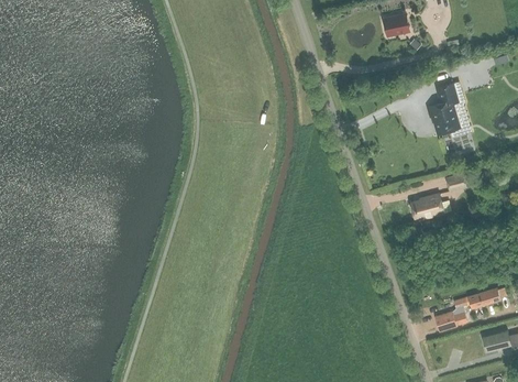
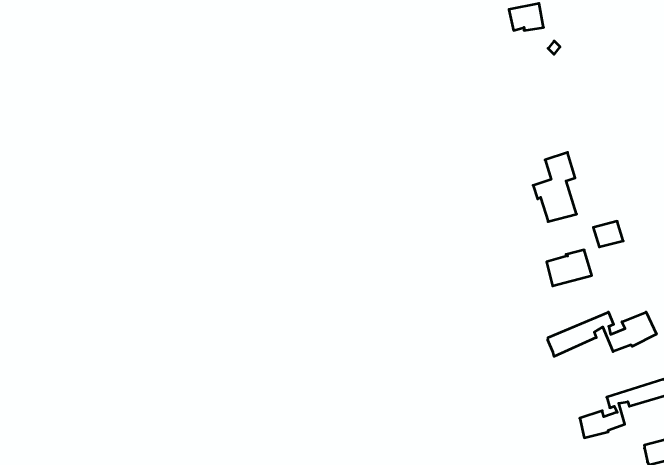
building: [428,81,460,132] -> [533,152,577,222]
building: none -> [548,312,656,356]

